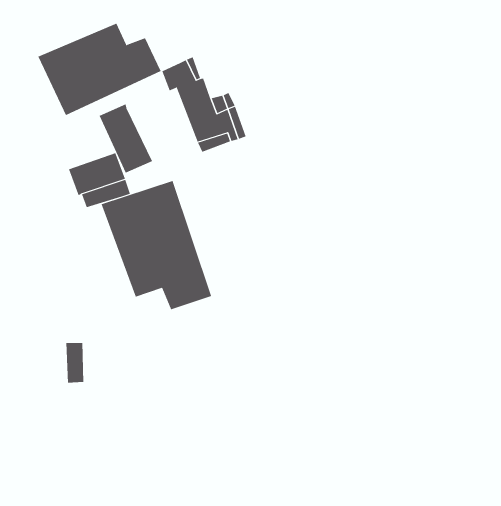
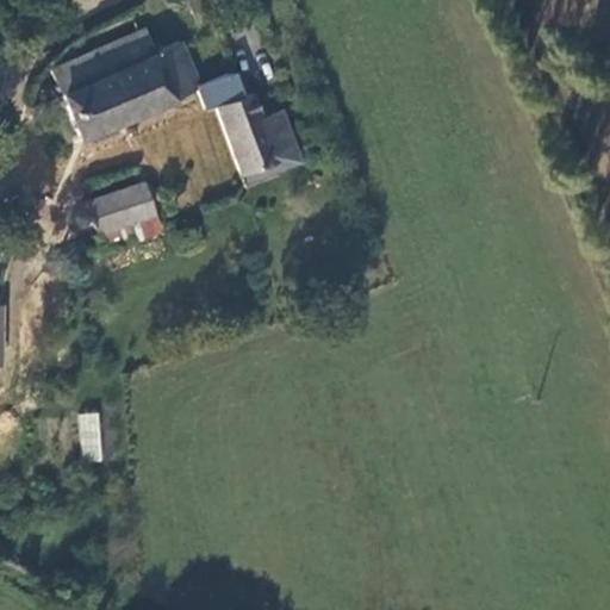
building: [99,104,153,174] -> none
building: [101,180,212,310] -> none

